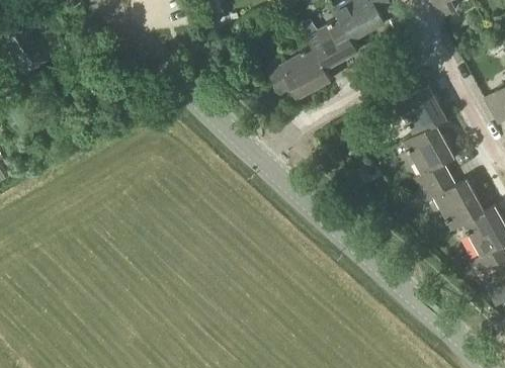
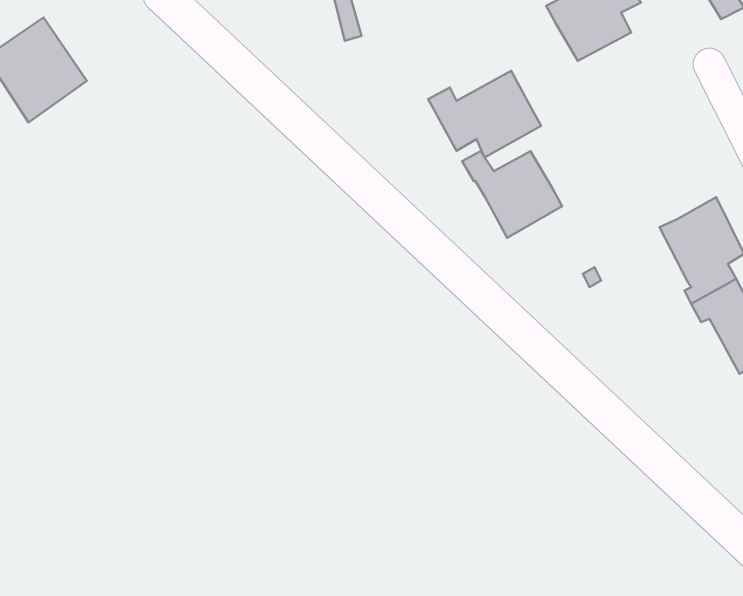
building: [299,19,359,72] -> [462,151,562,238]
building: [395,85,447,137] -> none

